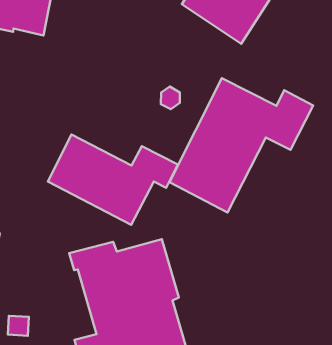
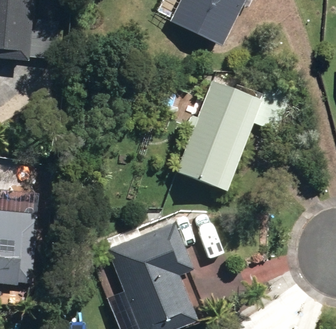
building: [48,135,178,225] -> none

